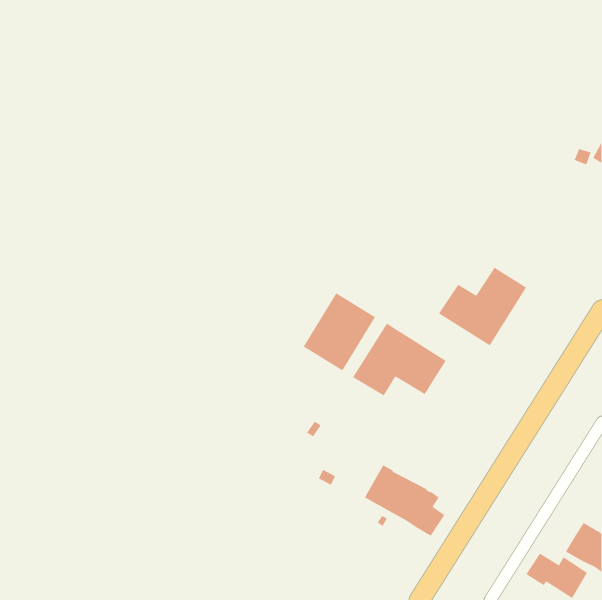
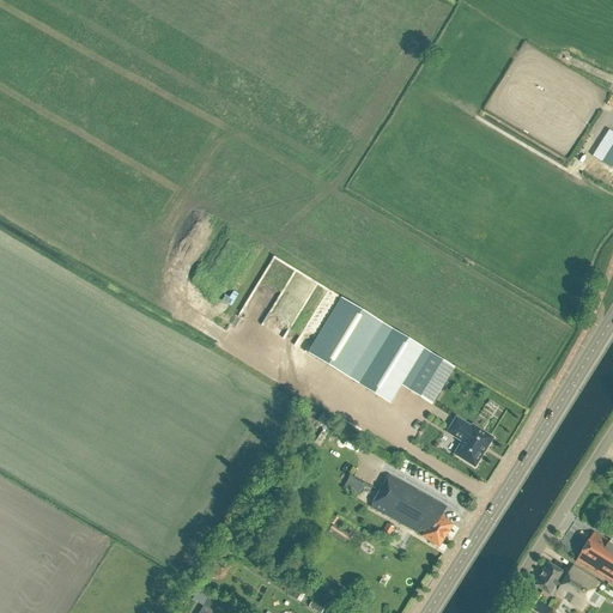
building: [438,267,527,346] -> none
building: none -> [448,415,493,465]

